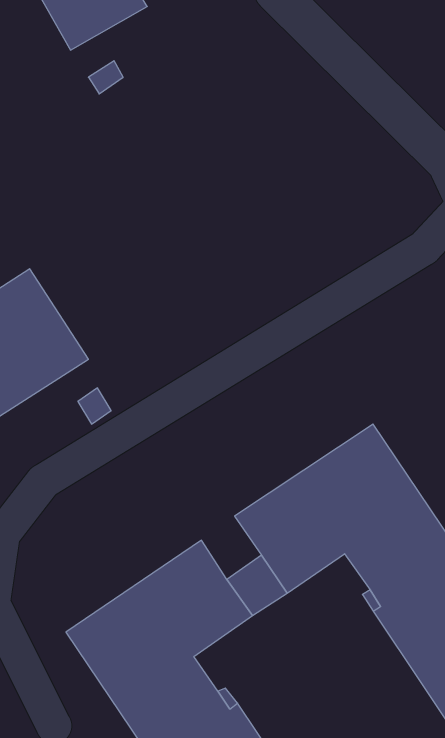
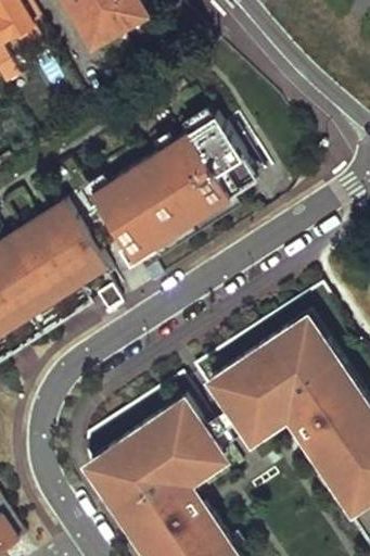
building: none -> [87,116,252,273]

